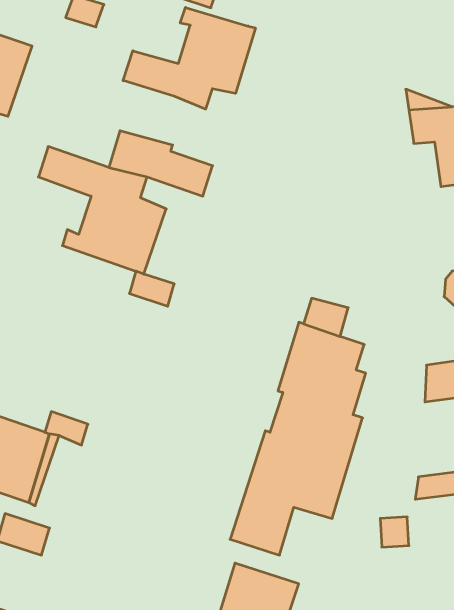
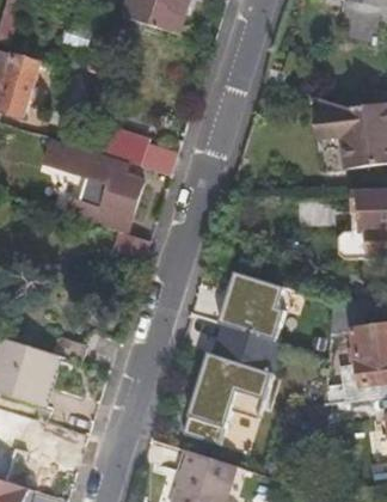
building: [123,7,255,109] -> none

